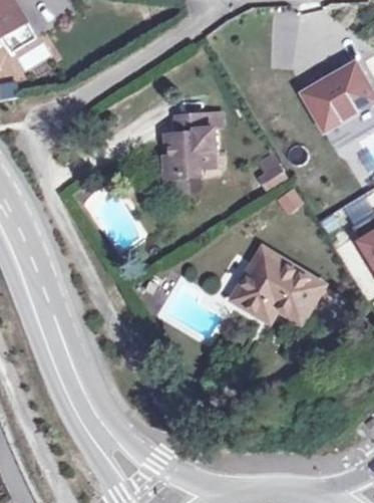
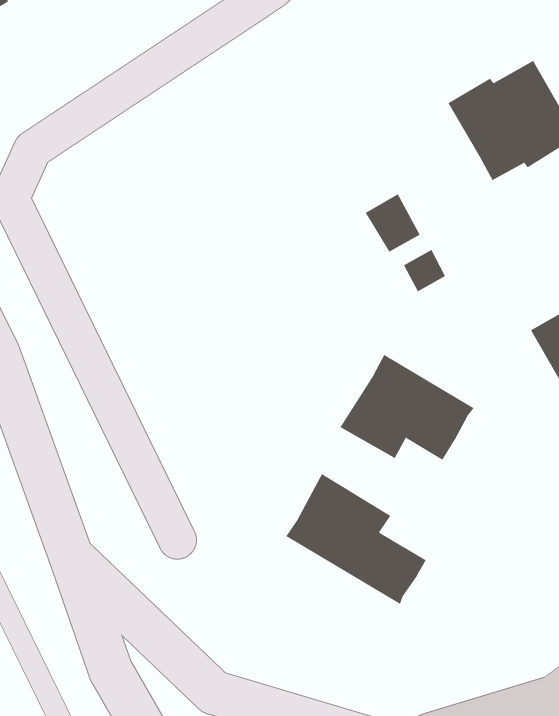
building: [162,113,216,179] -> none
building: none -> [285,473,427,605]

